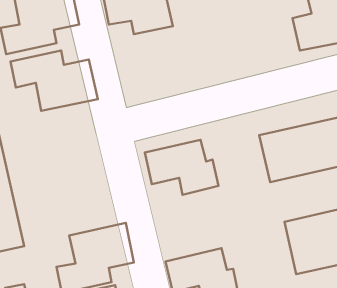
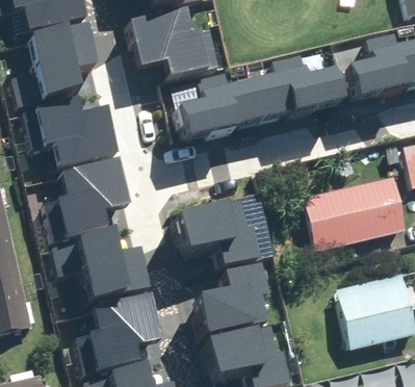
building: none -> [176,51,336,137]
building: none -> [40,159,130,239]
building: none -> [50,236,150,306]
building: none -> [191,264,266,336]

